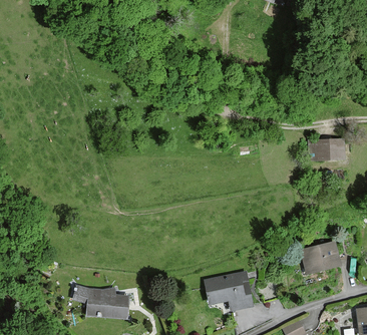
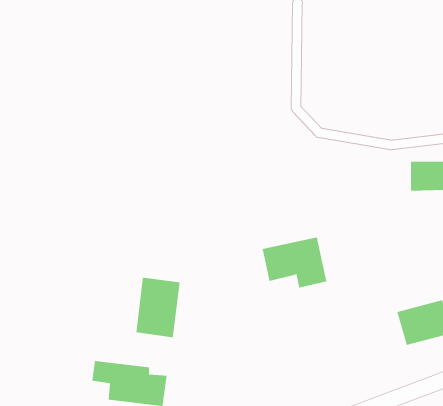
building: none -> [136,277,180,338]
building: [205,272,253,310] -> [262,237,327,288]

